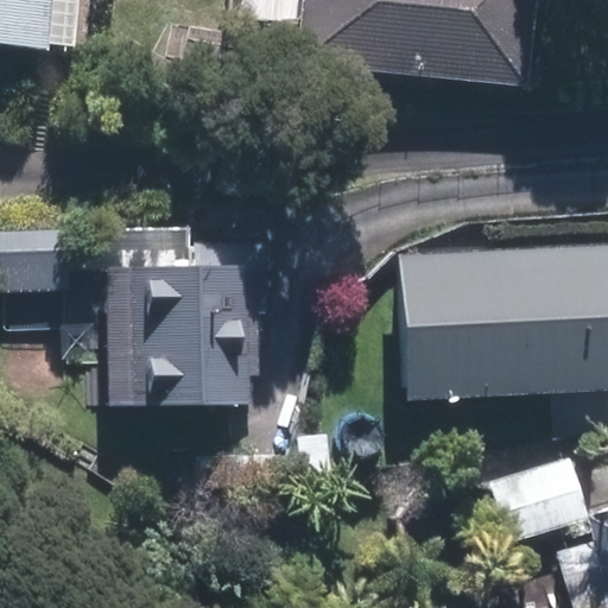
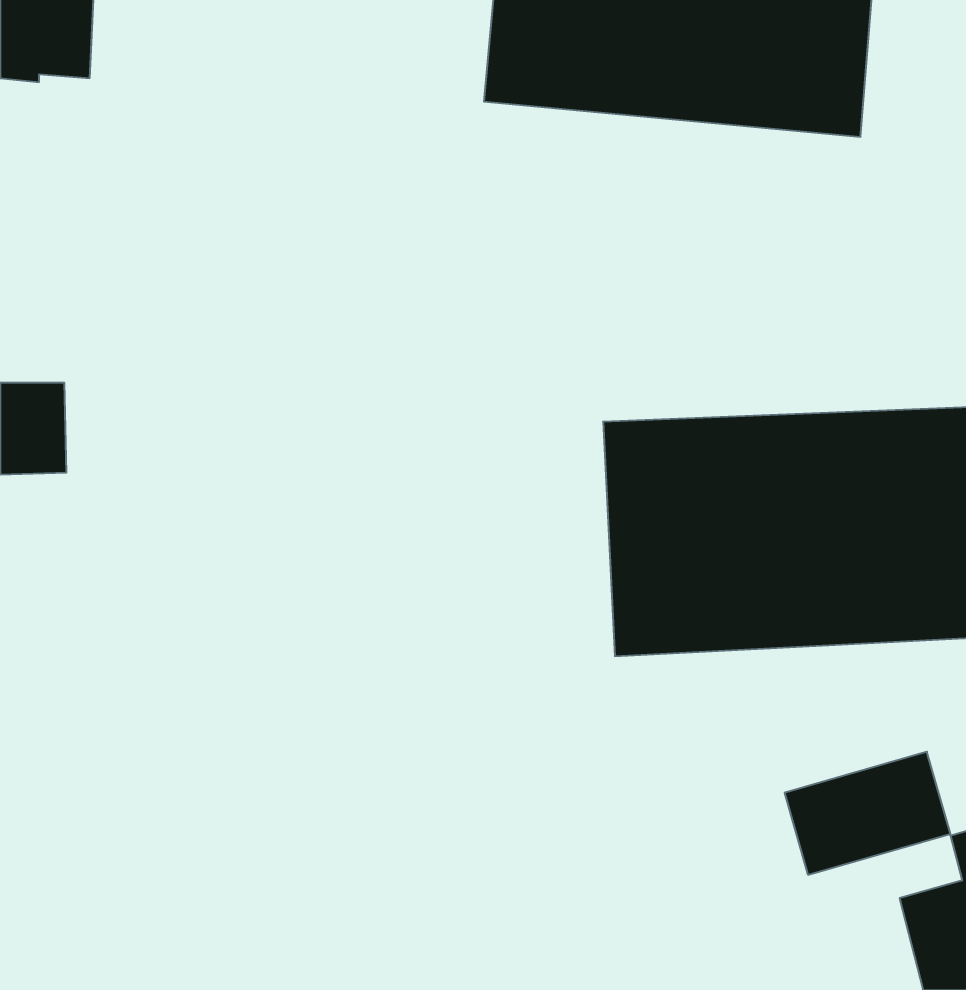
building: [104,265,242,404] -> none

